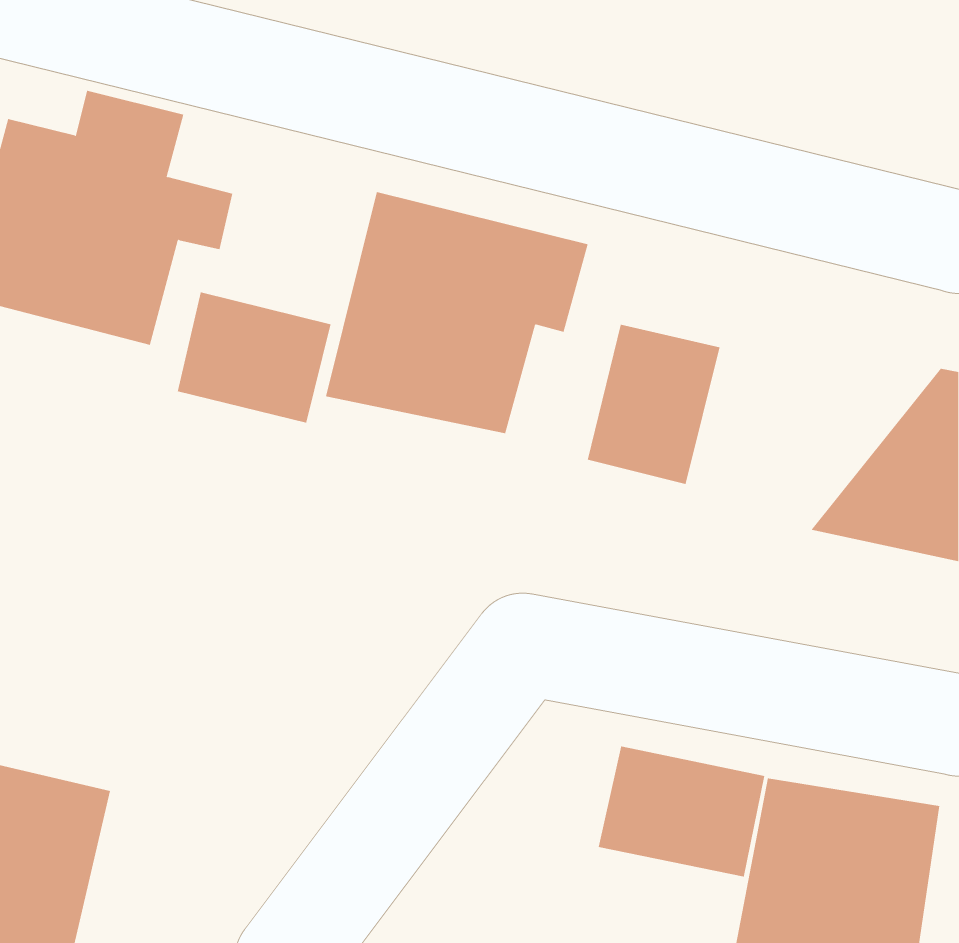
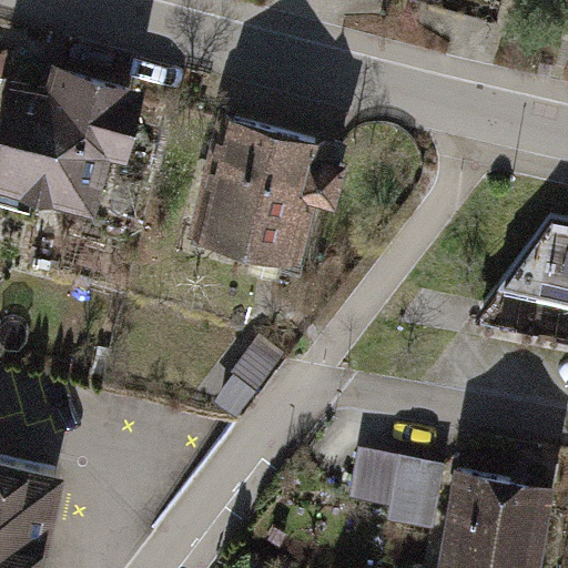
building: [177,291,331,423] -> none
building: [587,324,720,485] -> none

